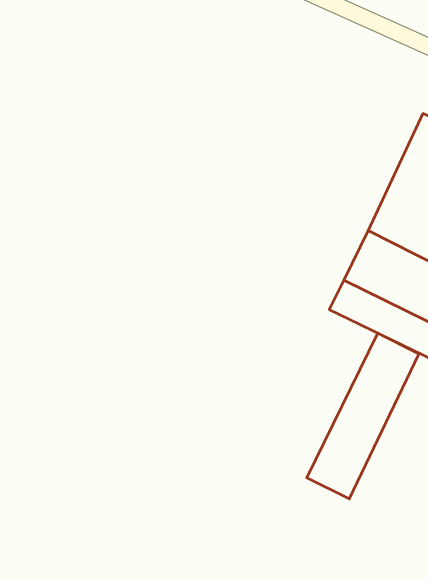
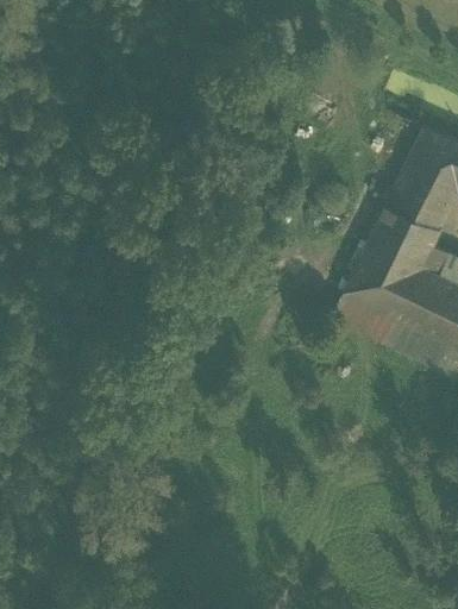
building: [307,333,419,499] -> none

